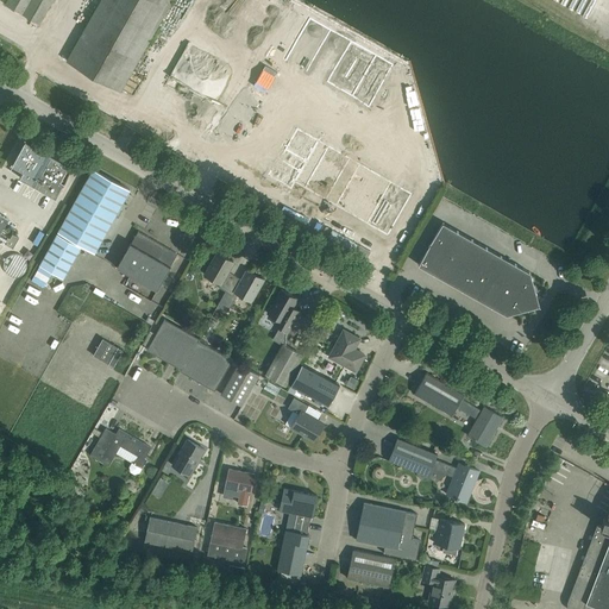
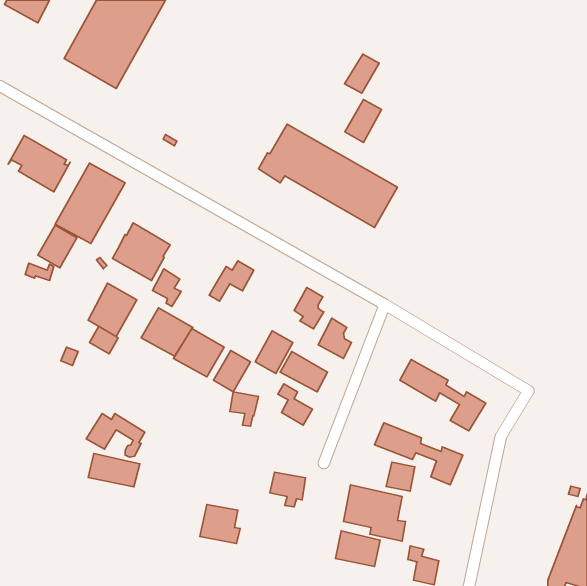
building: none -> [345,99,381,142]
building: [419,224,536,315] -> none
building: [205,253,234,293] -> [152,269,181,307]
building: [268,290,299,333] -> [294,288,324,329]
building: none -> [88,283,137,337]
building: [172,440,203,476] -> none
building: [225,470,255,506] -> [230,392,258,426]
building: [144,517,197,552] -> [88,453,140,487]
building: [434,520,464,550] -> [386,462,415,491]
building: [277,525,309,576] -> none

